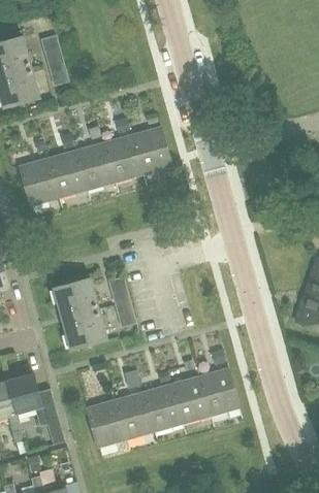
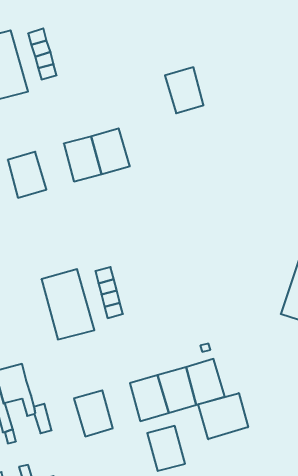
building: [132,127,171,173] -> [165,67,204,113]
building: [47,151,87,197] -> none
building: [116,393,154,438] -> [147,426,185,471]
building: none -> [198,393,248,439]

